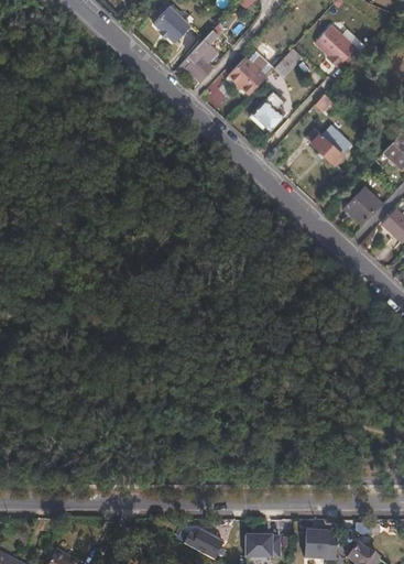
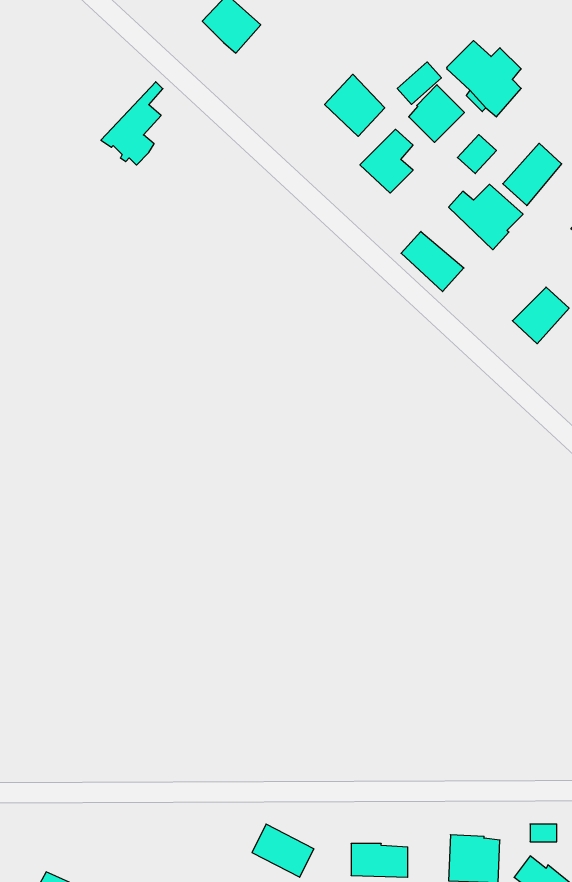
building: [178,30,217,82] -> [101,82,163,165]
building: none -> [409,85,464,142]
building: none -> [503,143,562,206]
building: none -> [401,231,464,292]

